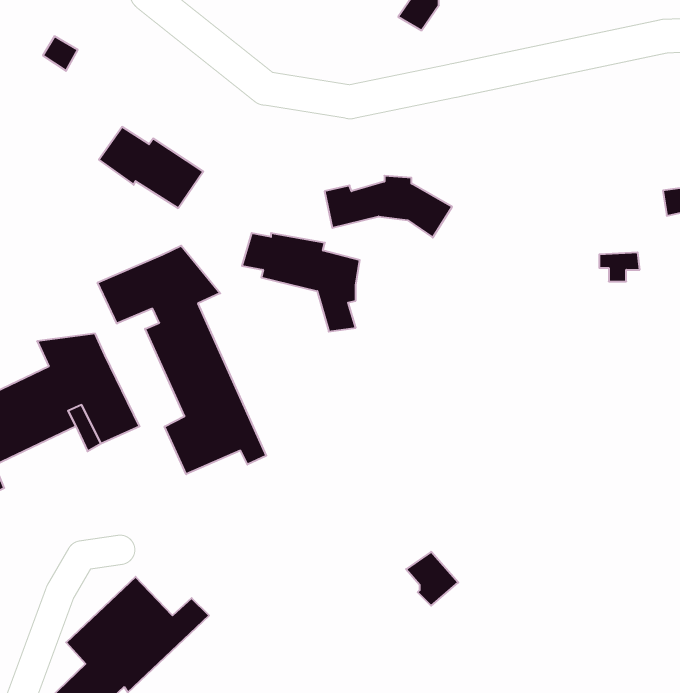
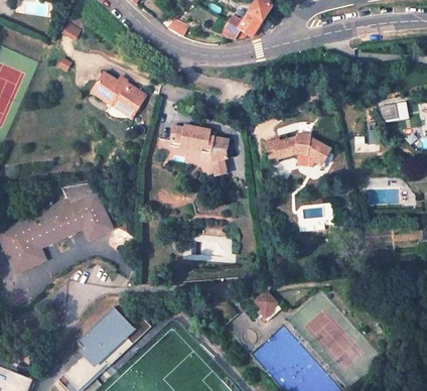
building: none -> [228,13,261,41]
building: [325,176,452,238] -> [264,135,330,167]
building: [98,246,266,474] -> none

